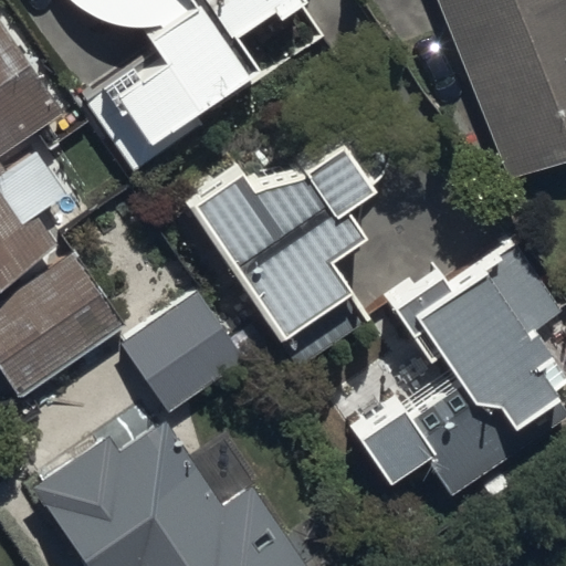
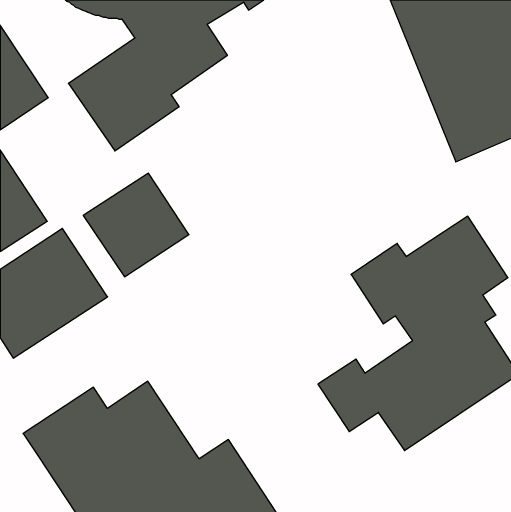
building: [189,139,371,358] -> none
building: [126,293,242,407] -> [83,173,189,277]

